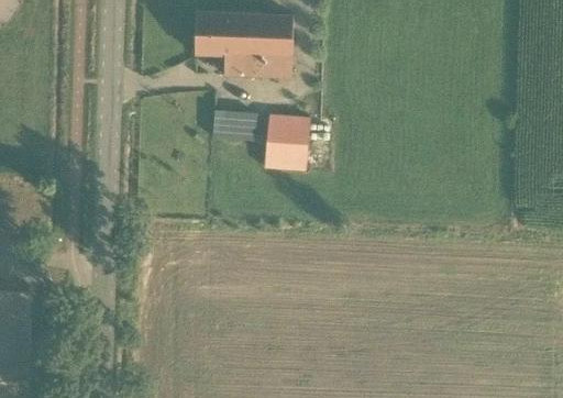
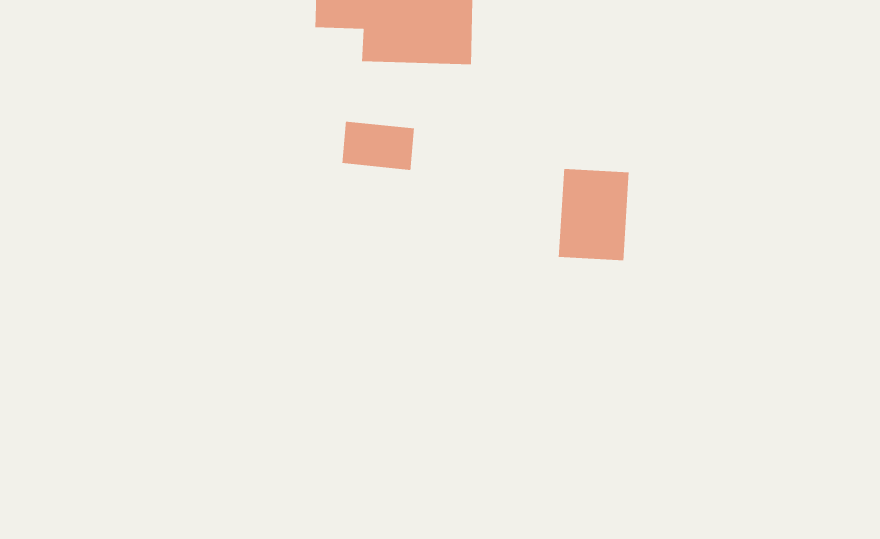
building: [265,113,309,170] -> [558,168,630,261]

